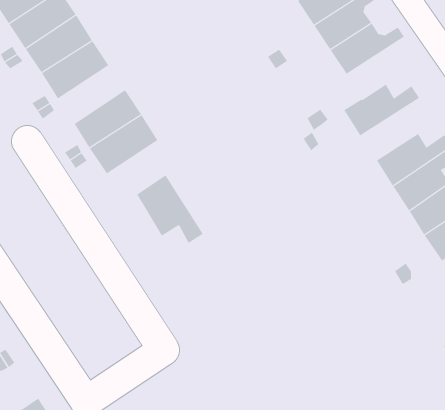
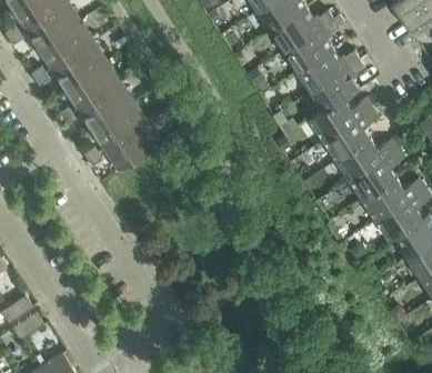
building: none -> [312,59,365,110]
building: none -> [77,82,132,130]
building: none -> [323,109,378,160]
building: [137,174,204,244] -> none

